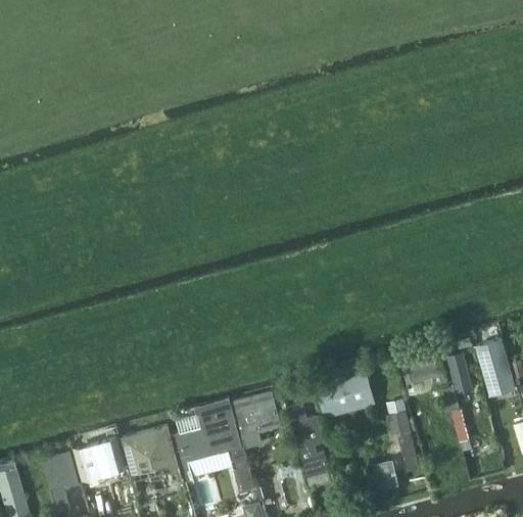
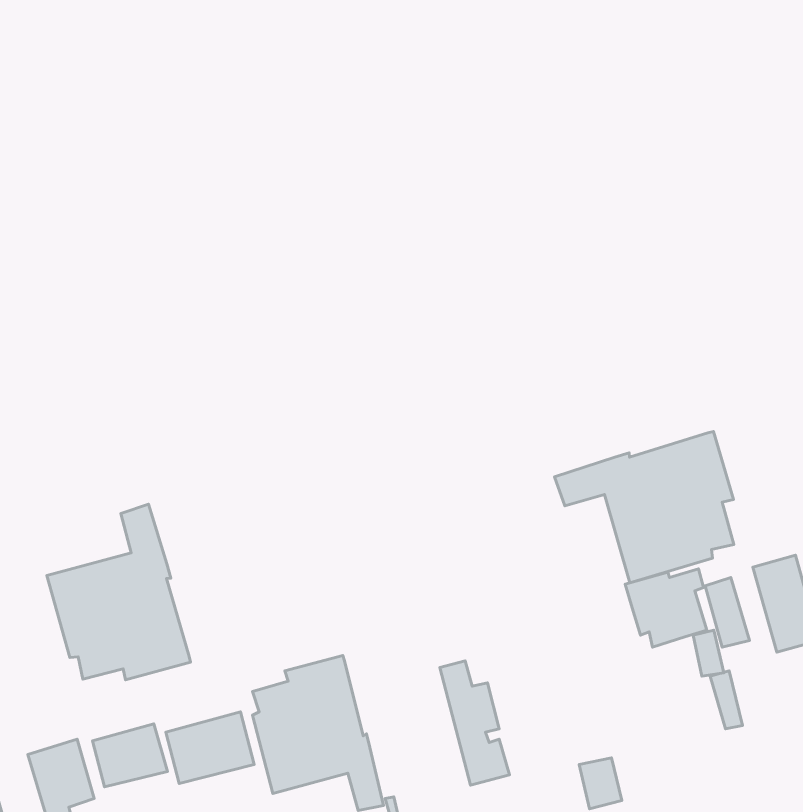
building: none -> [555,432,734,583]
building: none -> [47,504,190,680]
building: [315,372,376,420] -> none
building: [230,392,279,455] -> none
building: [385,411,419,473] -> none

